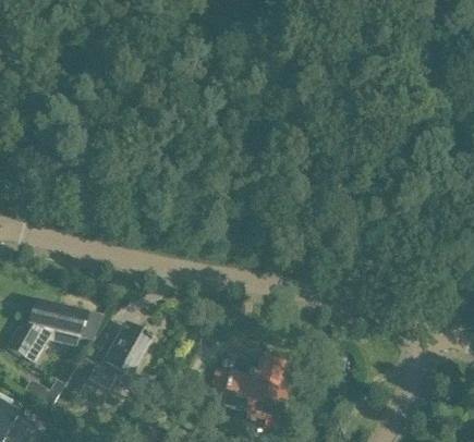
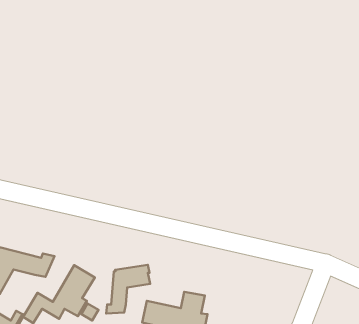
building: none -> [106,265,150,314]

